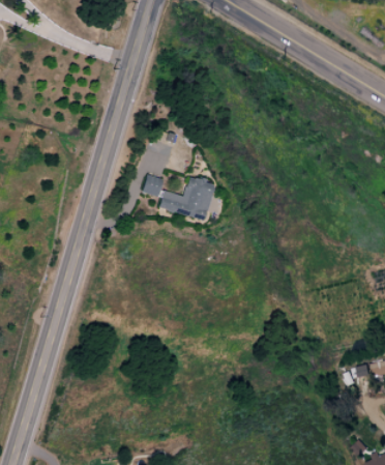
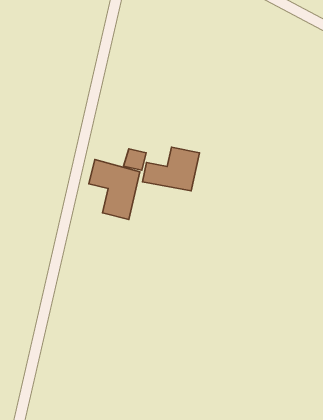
building: none -> [89,159,140,219]

